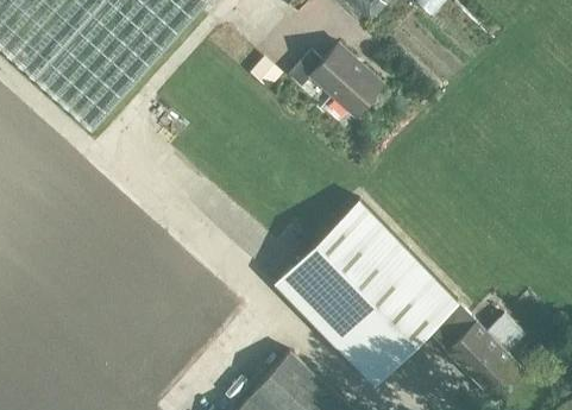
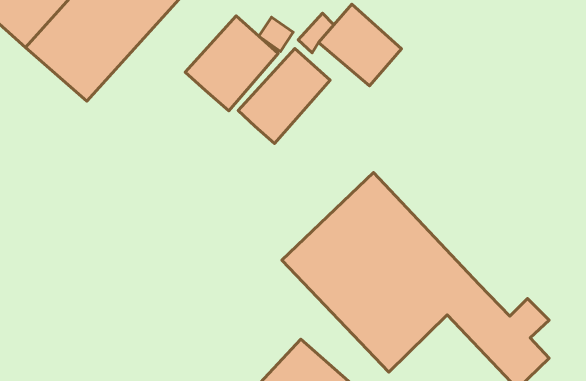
building: none -> [185,16,278,111]
building: none -> [238,48,330,143]

